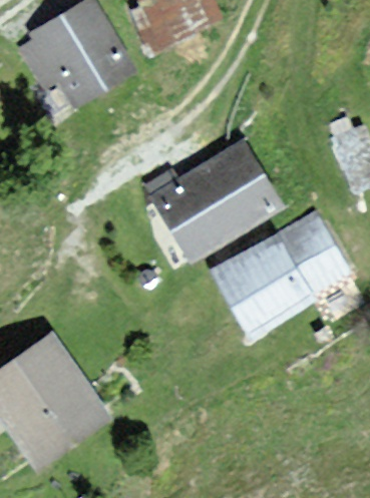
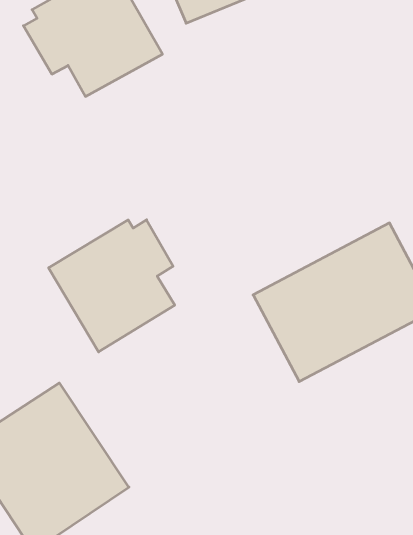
building: [161,136,285,268] -> none
building: none -> [49,220,175,352]

